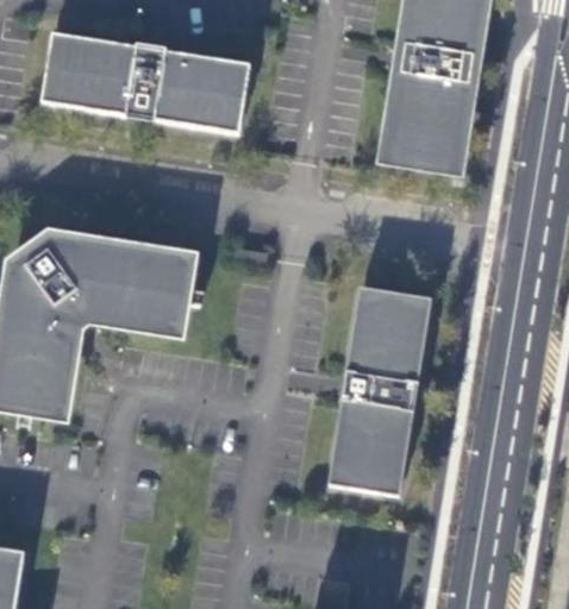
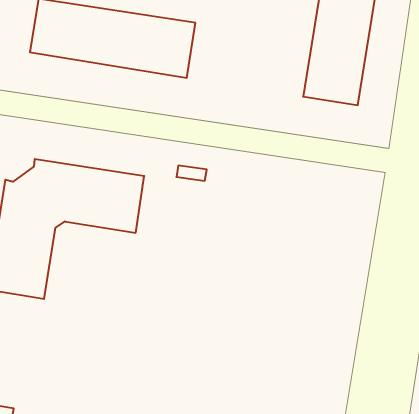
building: [327,285,431,494] -> none

